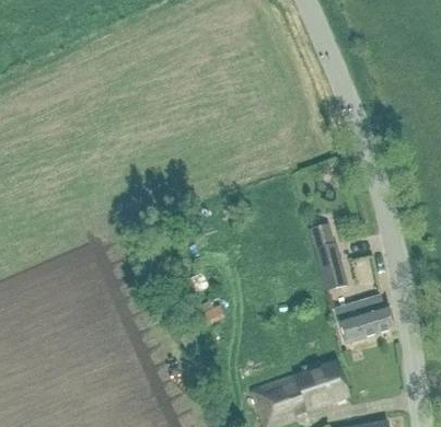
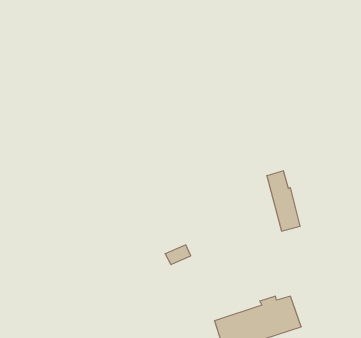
building: [336,295,395,343] -> none

